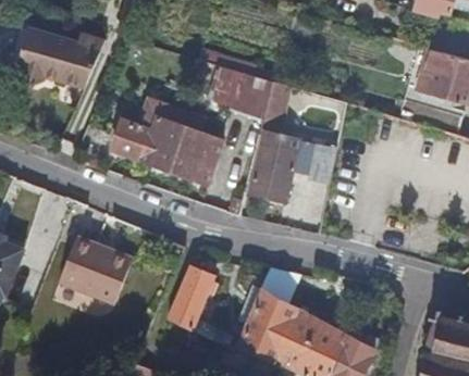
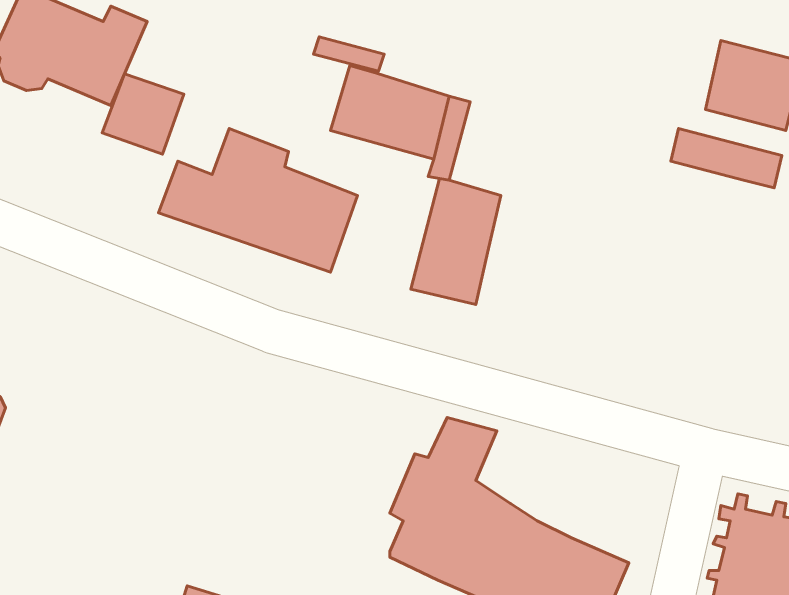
building: none -> [102,74,184,154]
building: [296,140,338,183] -> none
building: [62,236,134,304] -> none
building: [169,266,235,348] -> none

